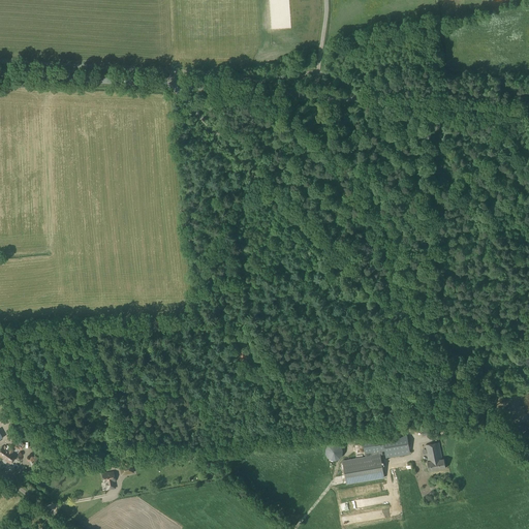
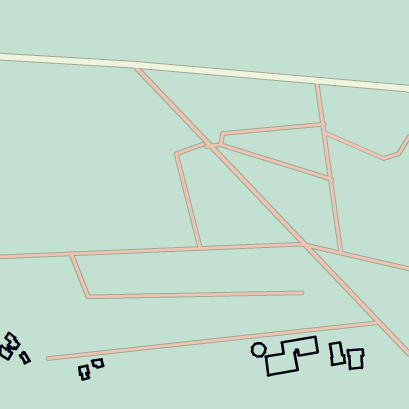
building: none -> [348,349,363,369]

